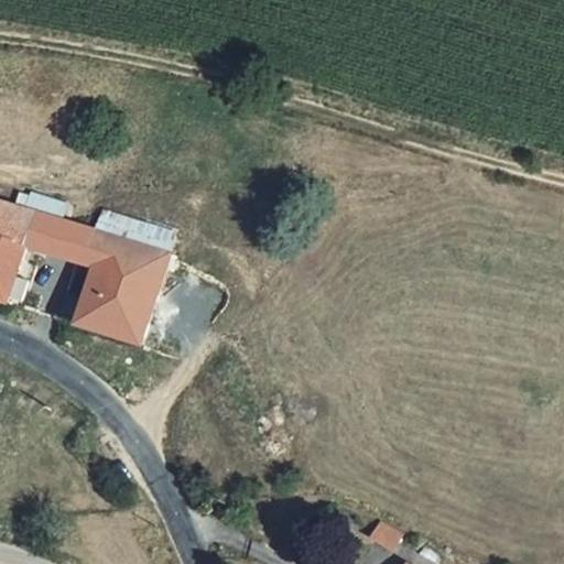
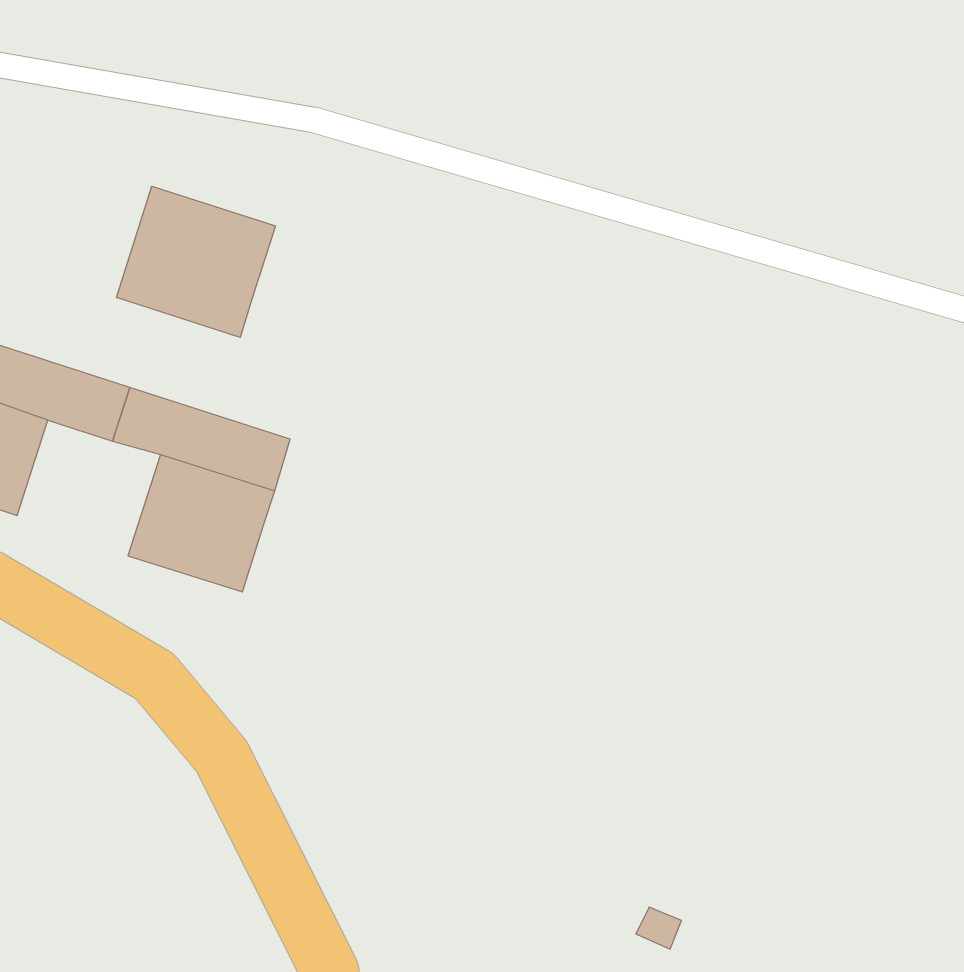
building: none -> [117,186,276,337]

